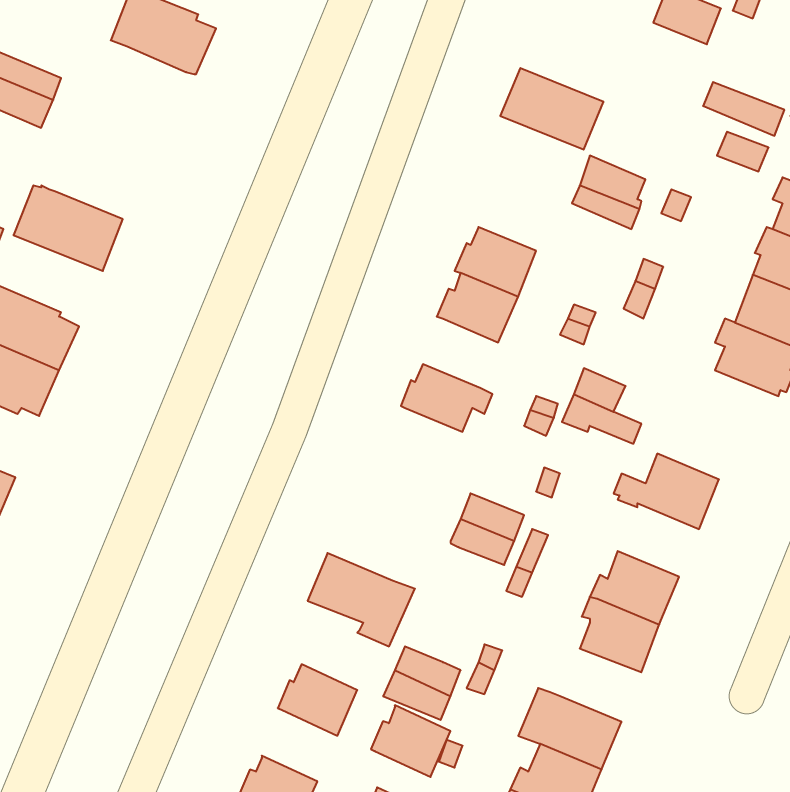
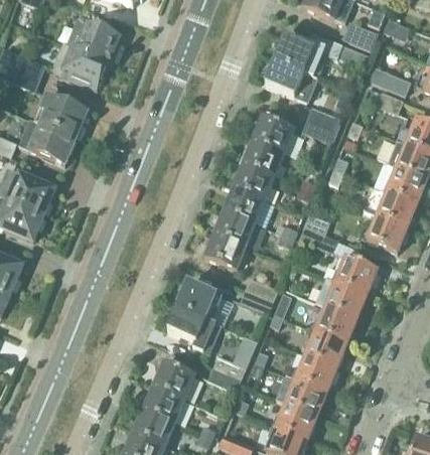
building: none -> [276,32,369,78]
building: none -> [52,44,107,84]
building: none -> [35,95,86,137]
building: none -> [252,116,296,153]
building: none -> [225,187,265,222]
building: none -> [352,213,408,251]
building: none -> [205,233,247,269]
building: none -> [314,278,367,318]
building: none -> [178,283,222,320]
building: none -> [291,354,337,392]
building: [371,705,450,777] -> [143,386,183,422]

